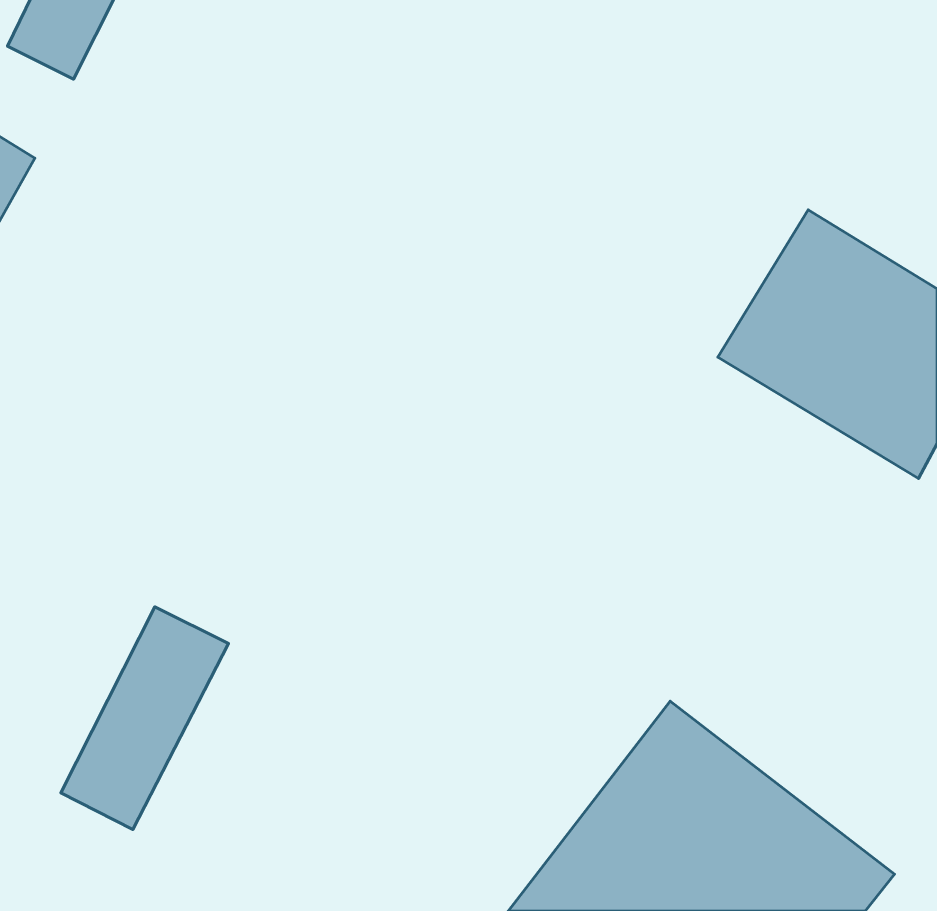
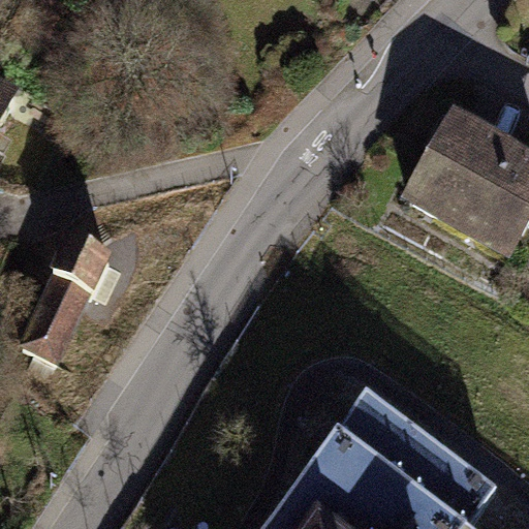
building: [61,607,228,830] -> [17,238,111,363]

